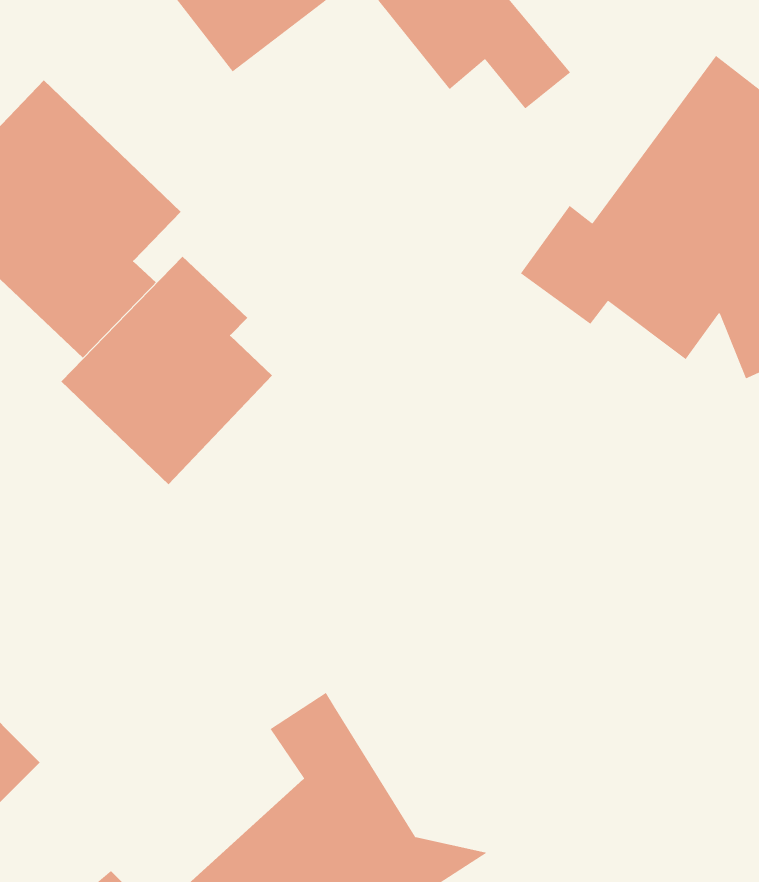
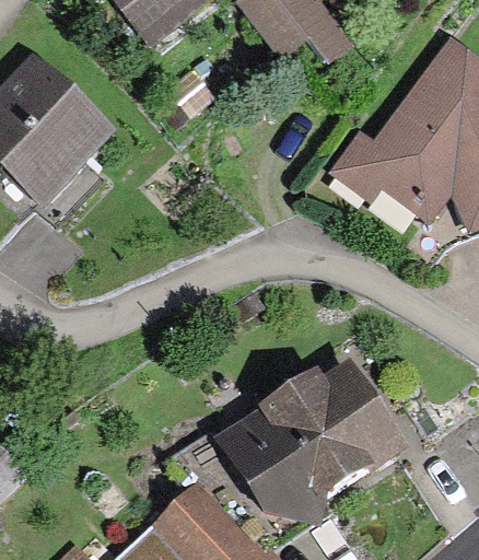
building: [60,256,273,485] -> none
building: none -> [214,365,407,533]

